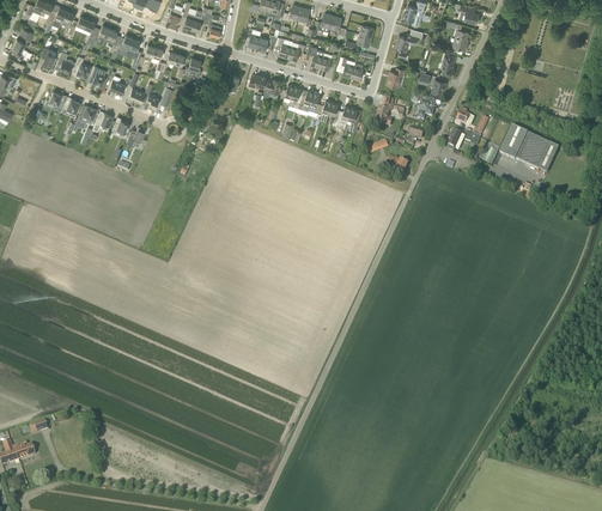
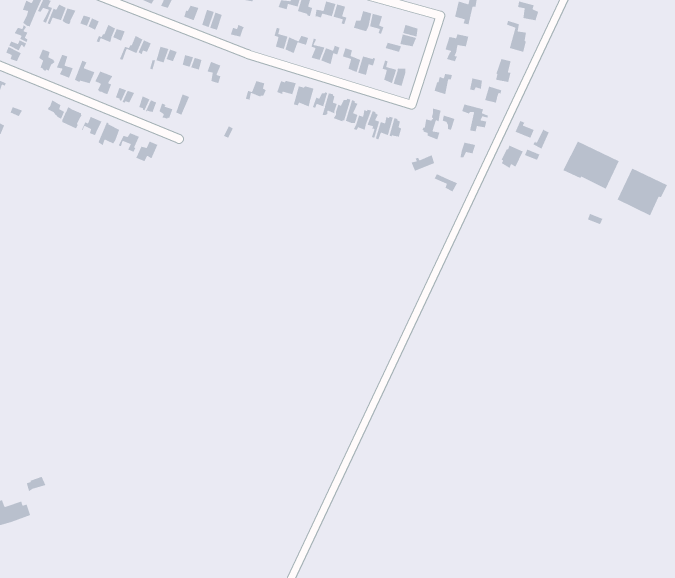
building: none -> [616,168,668,217]

